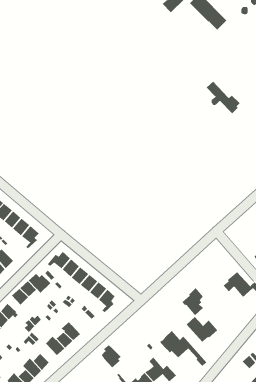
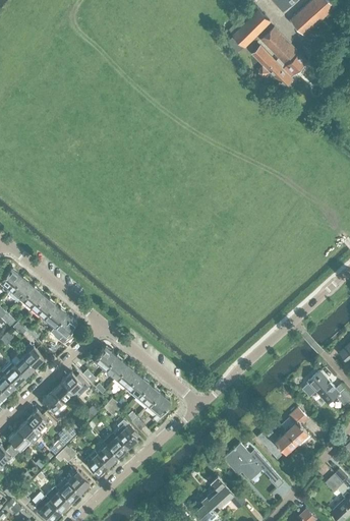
building: [206,81,241,114] -> [252,47,295,88]
building: [182,287,204,316] -> [280,408,307,444]
building: [101,344,121,368] -> [113,419,138,449]

